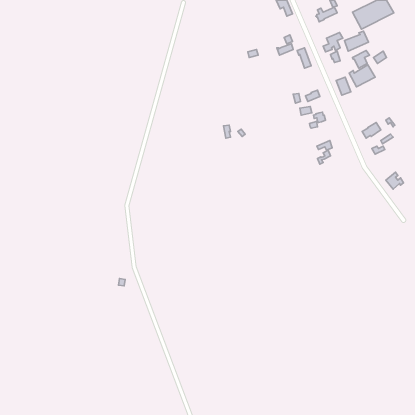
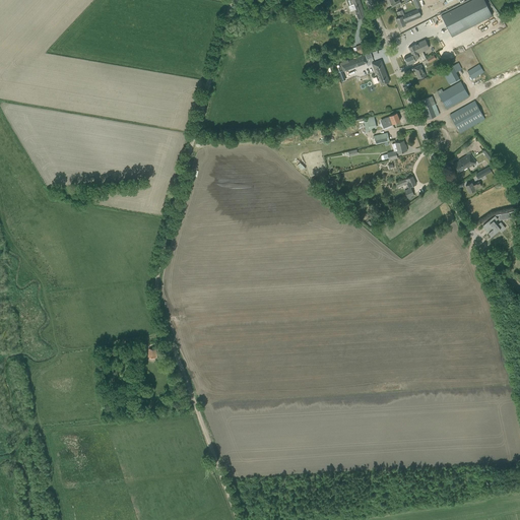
building: [345,31,368,51] -> none
building: none -> [450,101,485,133]

